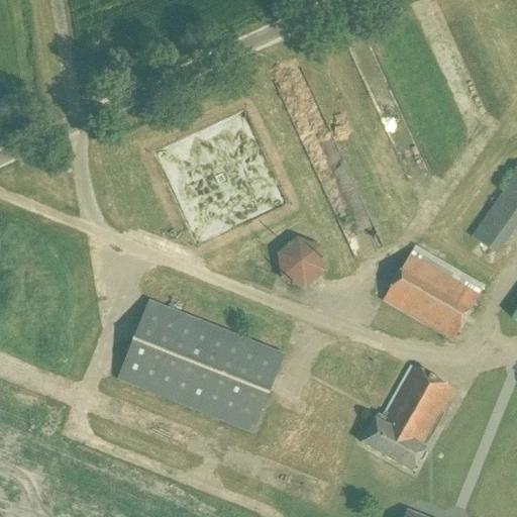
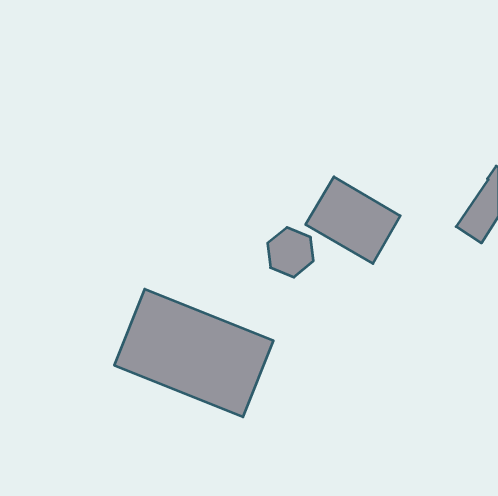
building: [384,249,482,339] -> [306,177,400,264]
building: [361,364,454,471] -> none

